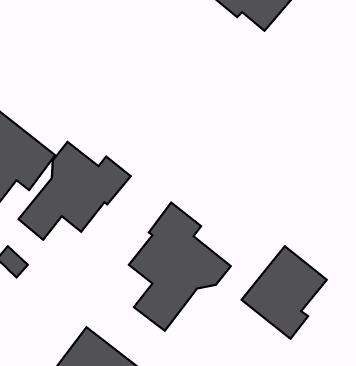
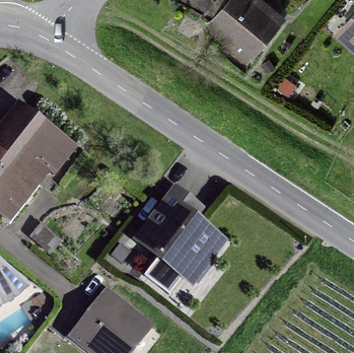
building: [18,142,131,240] -> none
building: [241,246,327,339] -> none

